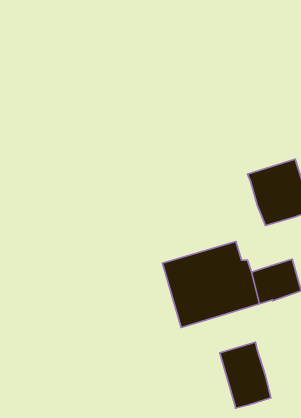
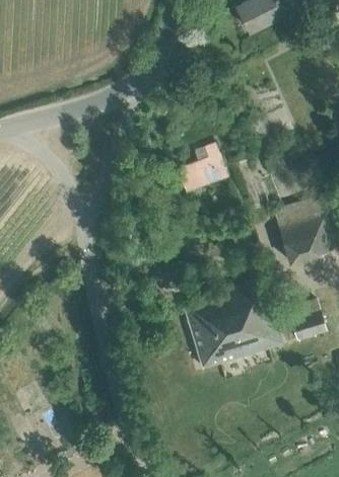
building: none -> [178,144,225,190]
building: [220,342,271,408] -> none

